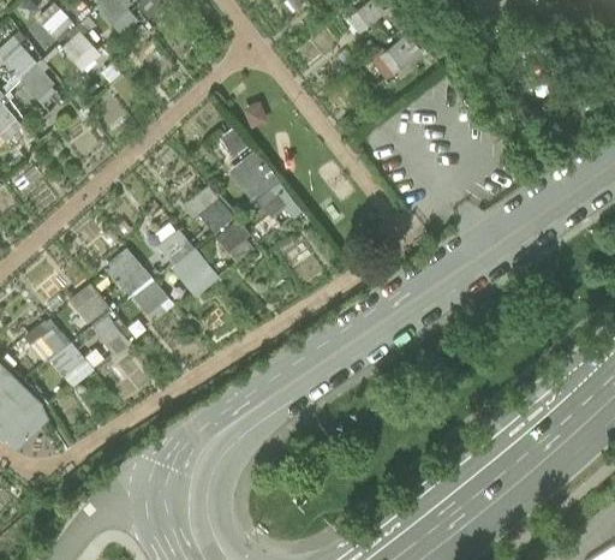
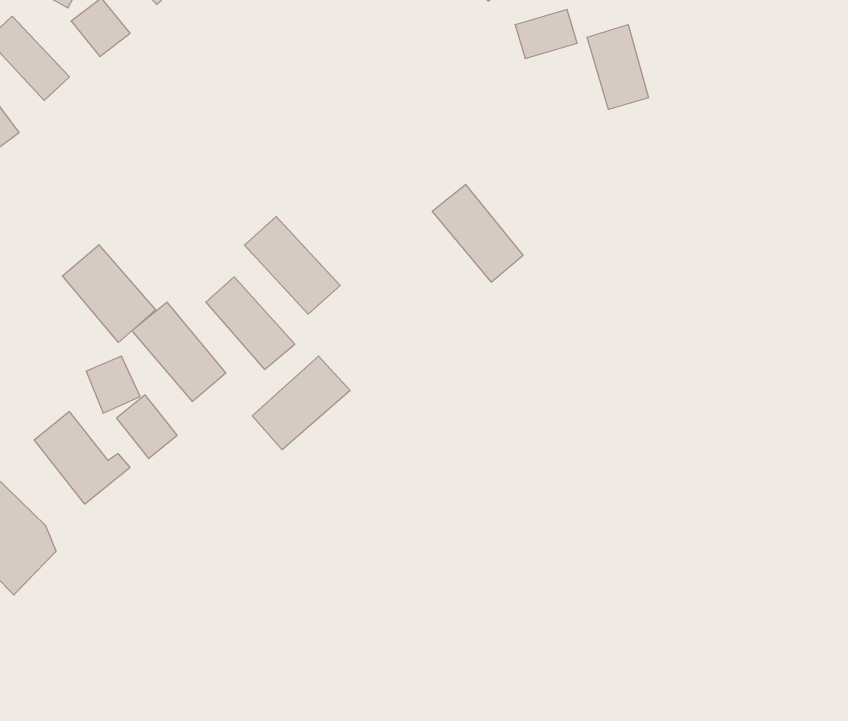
building: none -> [587,24,649,109]
building: [227,149,292,219] -> [432,184,523,282]
building: none -> [62,245,155,342]
building: none -> [252,356,350,450]

